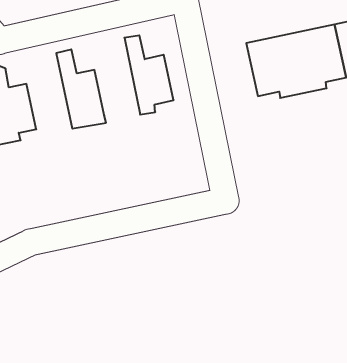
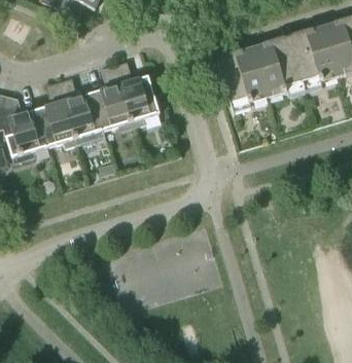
building: none -> [92,65,133,132]
building: none -> [36,82,77,148]

